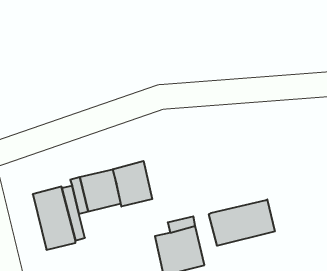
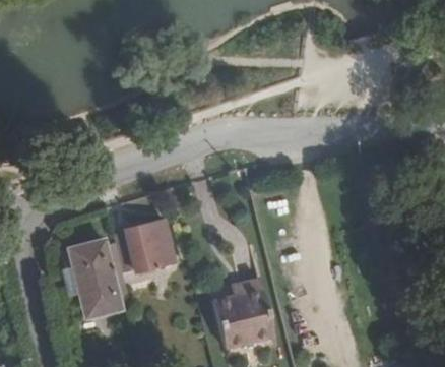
building: [113,161,152,207] -> none
building: [209,199,275,246] -> none

